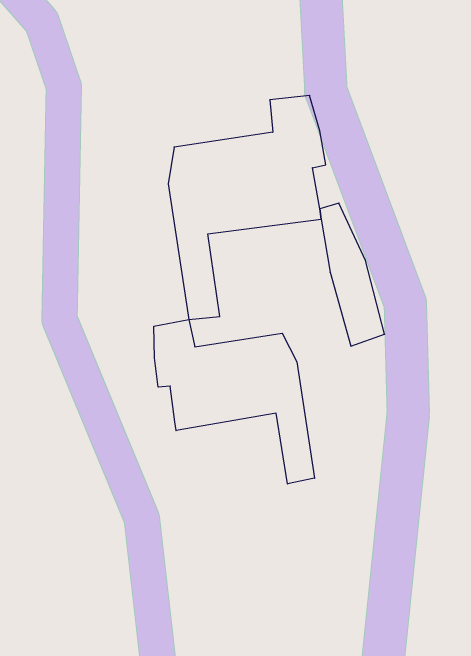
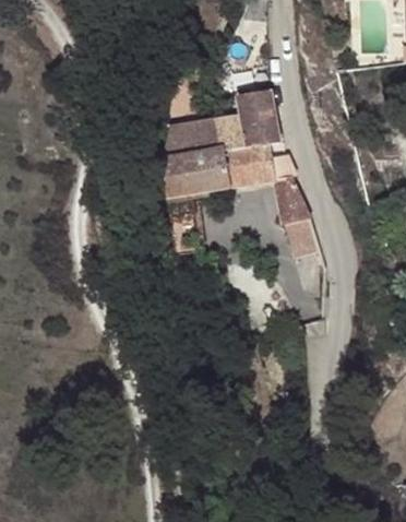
building: [154,319,315,484] -> none

